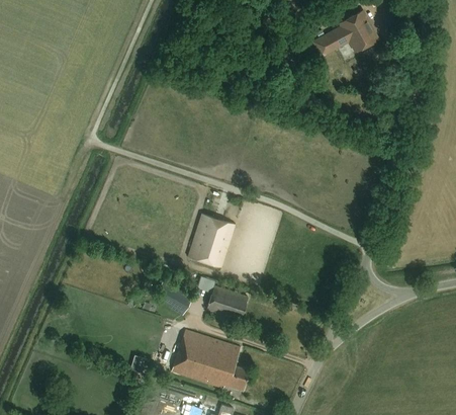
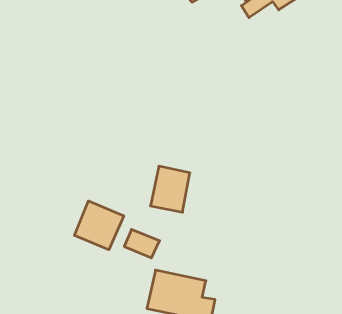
building: none -> [74,201,124,250]
building: [206,285,248,317] -> none

